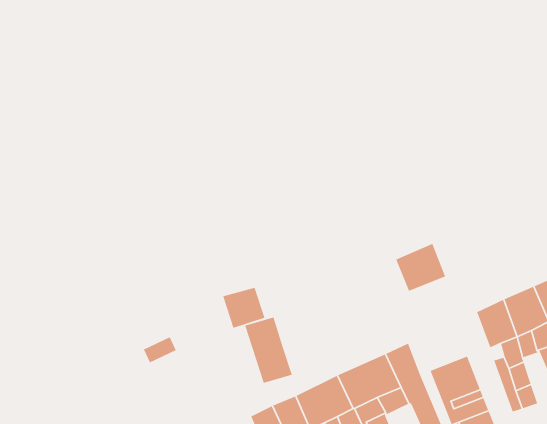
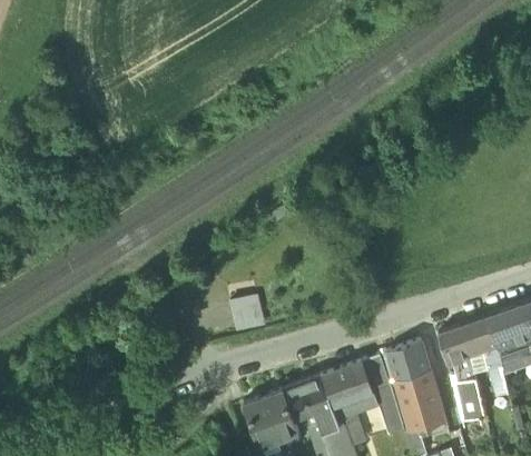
building: [395,243,446,292] -> [387,339,429,378]
building: [244,317,293,384] -> none

